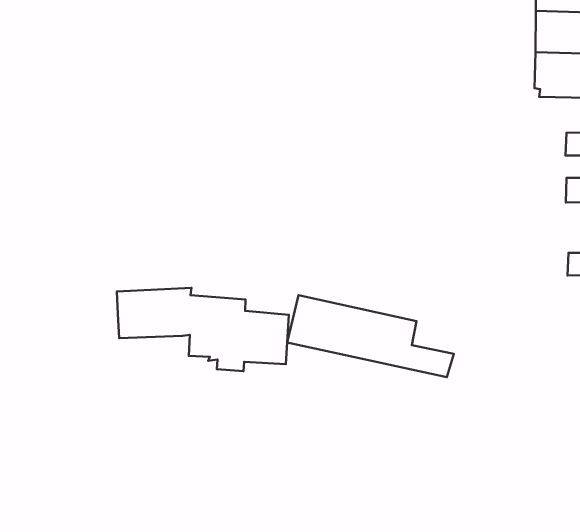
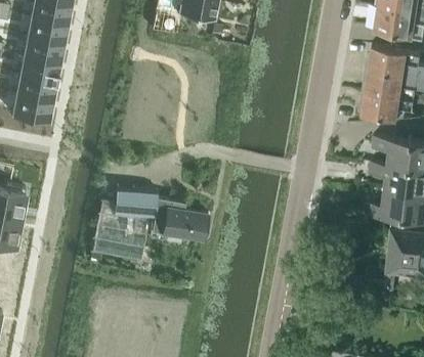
building: [287,295,454,377] -> none
building: none -> [93,200,150,261]

